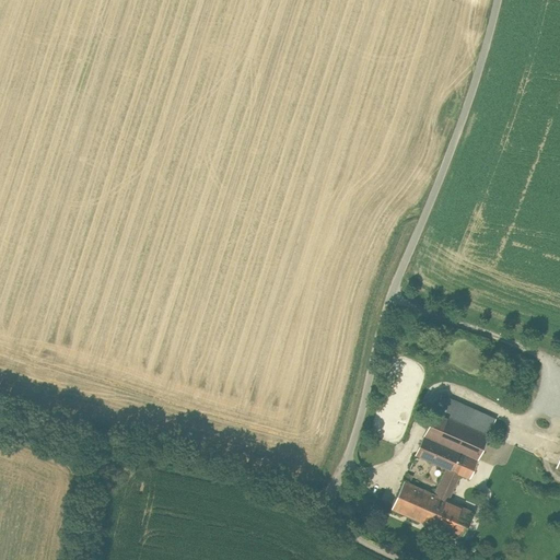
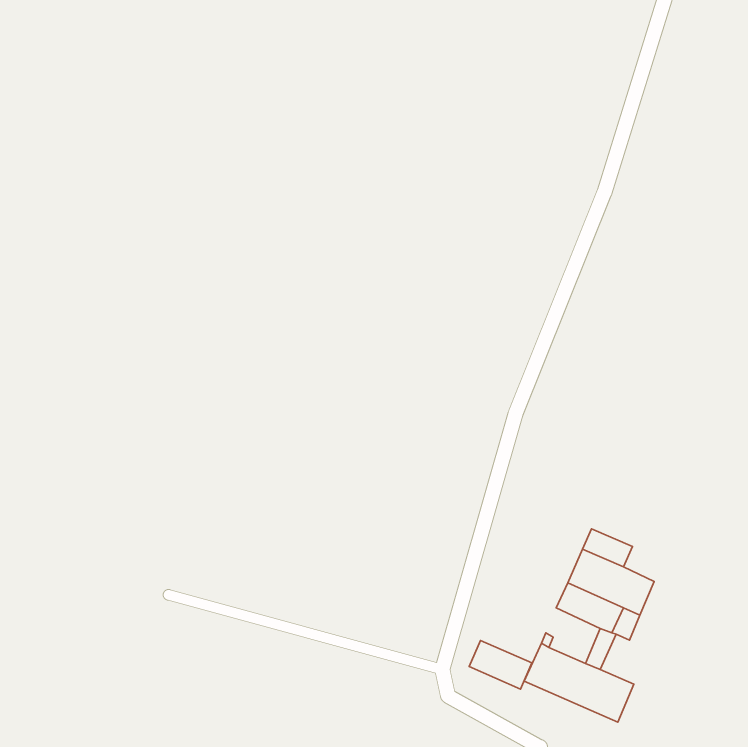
building: [466,408,495,434] -> none
building: none -> [469,640,532,689]

